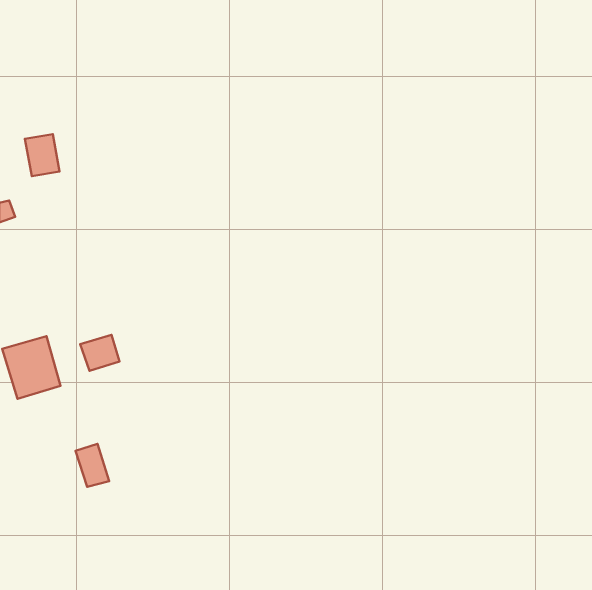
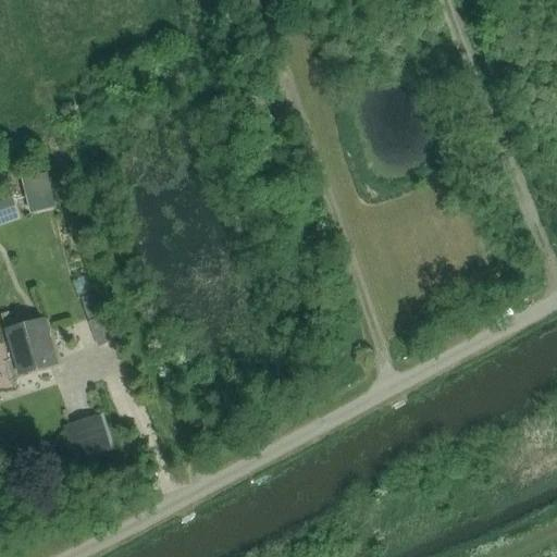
building: [25,134,60,176] -> [22,170,54,209]

